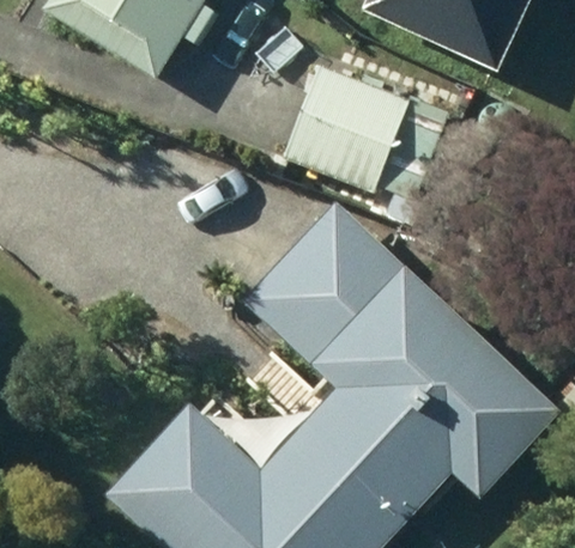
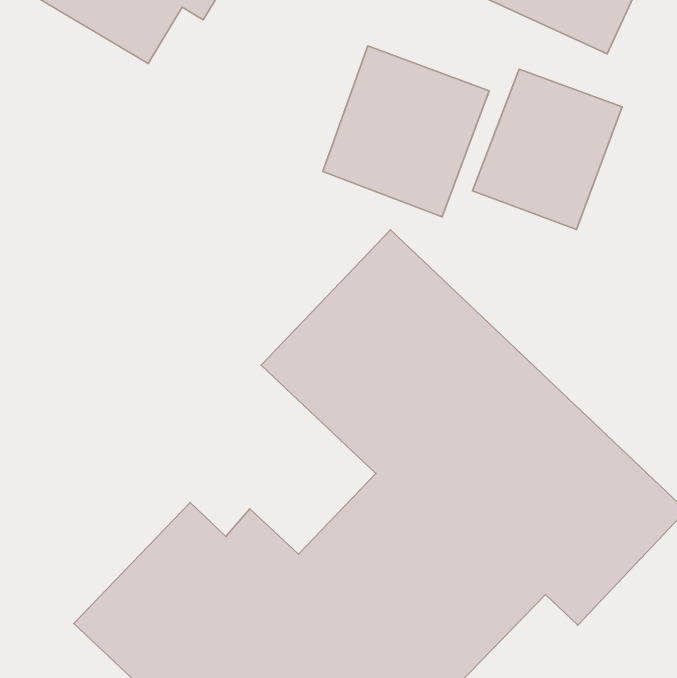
building: none -> [472,69,622,229]

